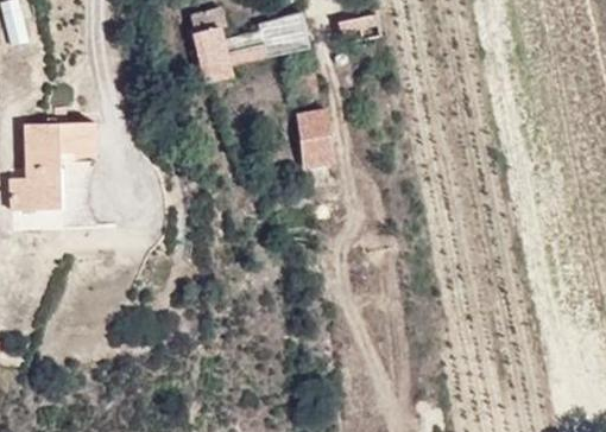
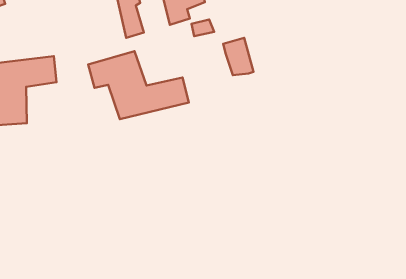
building: none -> [88,51,189,119]
building: [296,116,337,167] -> [223,38,254,75]

